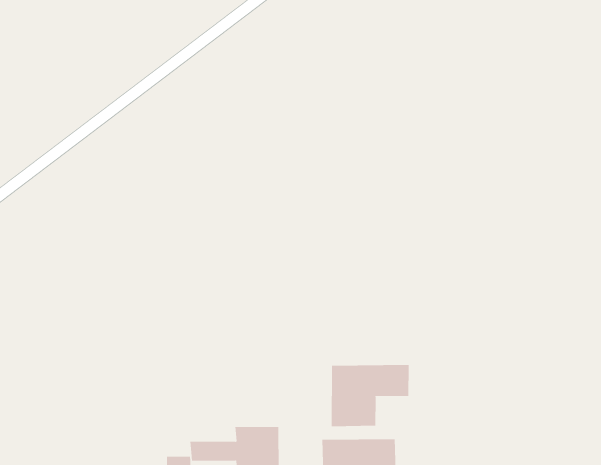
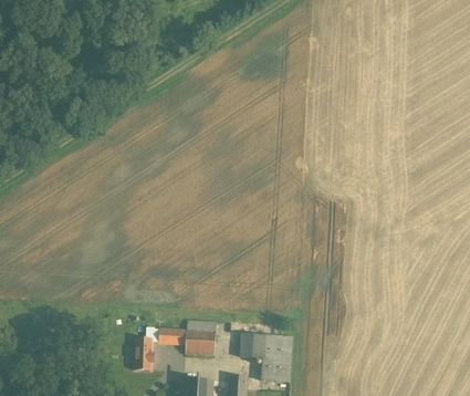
building: [331,364,409,427] -> none

